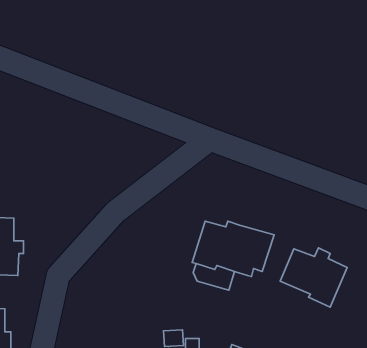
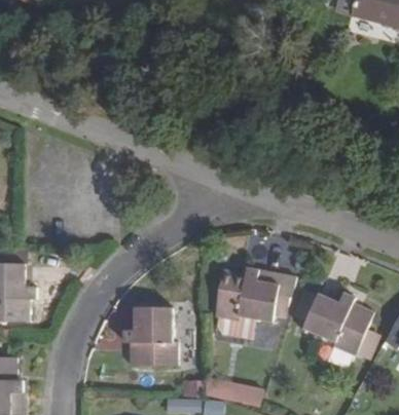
building: none -> [122,306,176,366]

